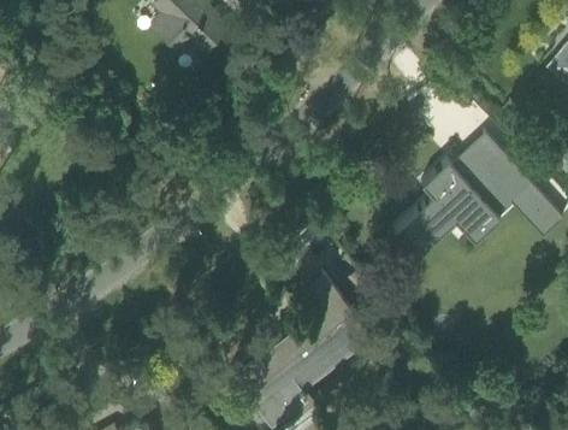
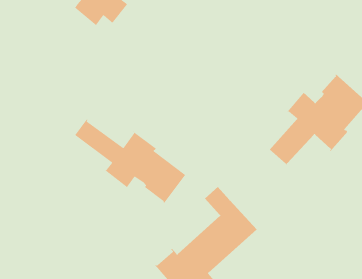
building: none -> [74,119,186,204]

